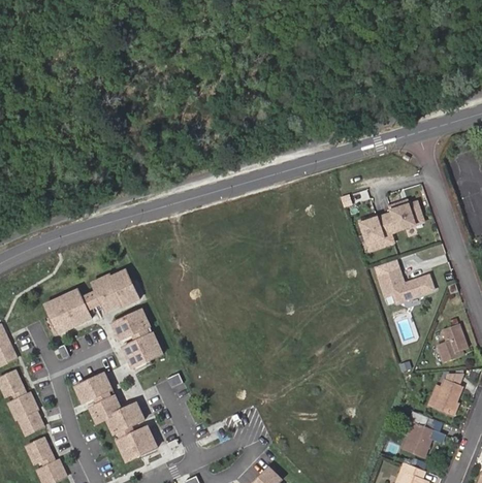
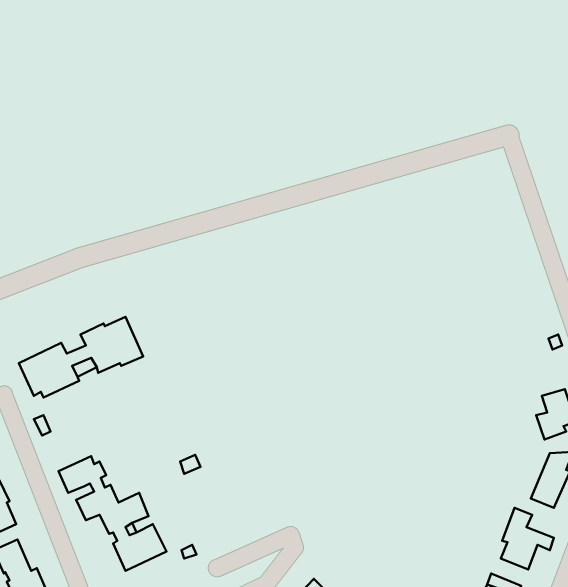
building: [358,199,424,251] -> none
building: [378,269,432,303] -> none
building: [111,310,162,368] -> none

